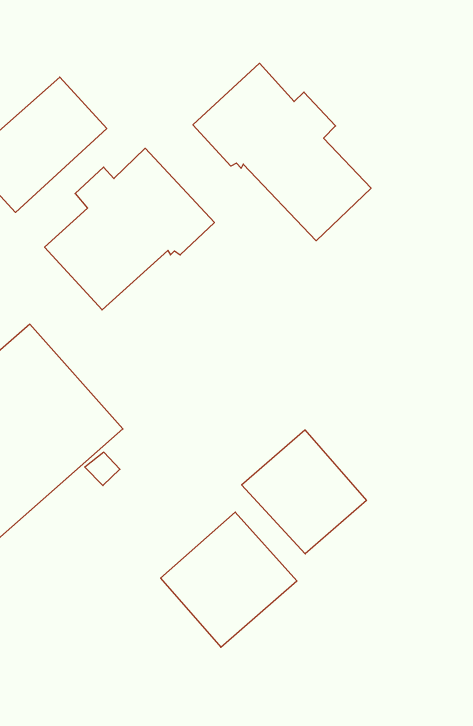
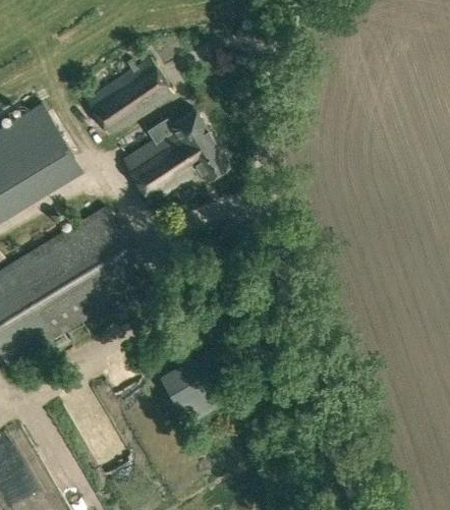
building: [193,63,371,241] -> none
building: [242,430,366,554] -> none

